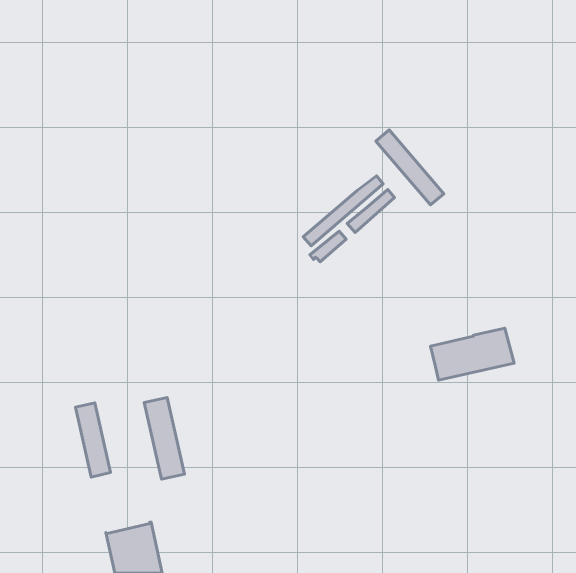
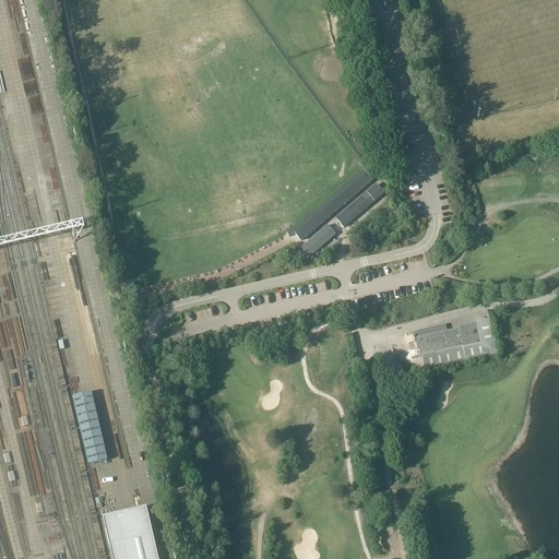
building: [376,130,444,205] -> none
building: [144,398,185,479] -> none

